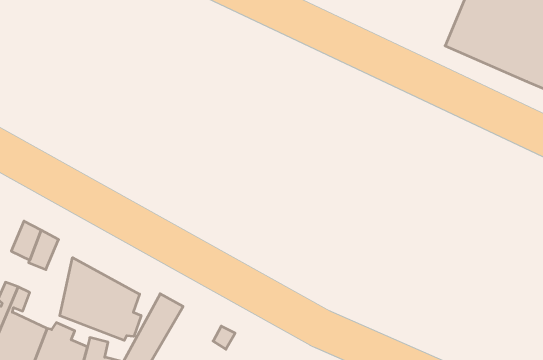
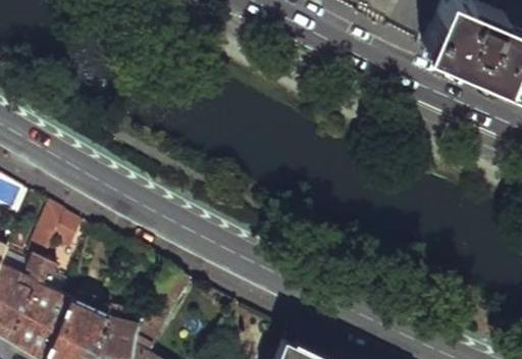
building: [60,258,141,340] -> none

